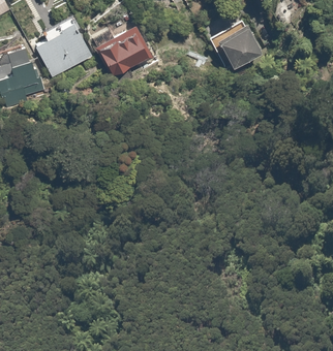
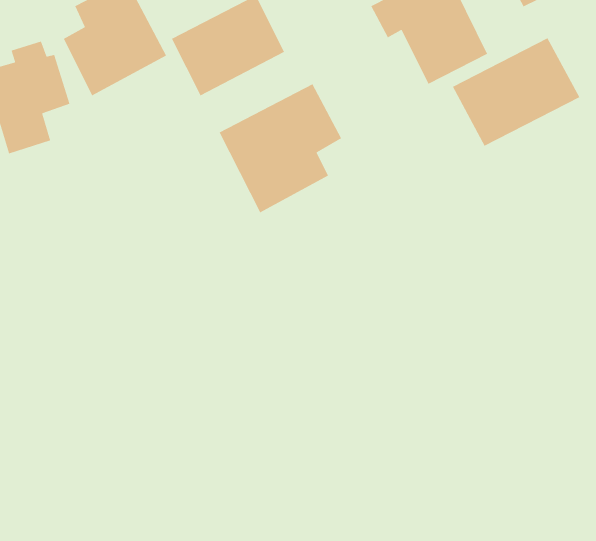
building: none -> [452,37,580,147]
building: none -> [218,83,342,214]

